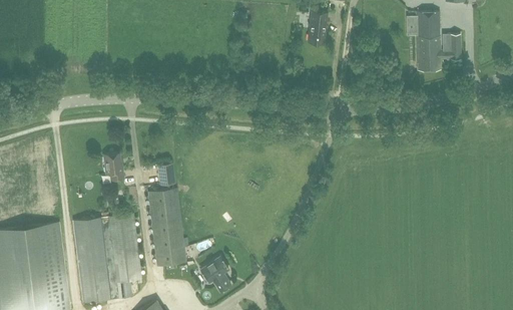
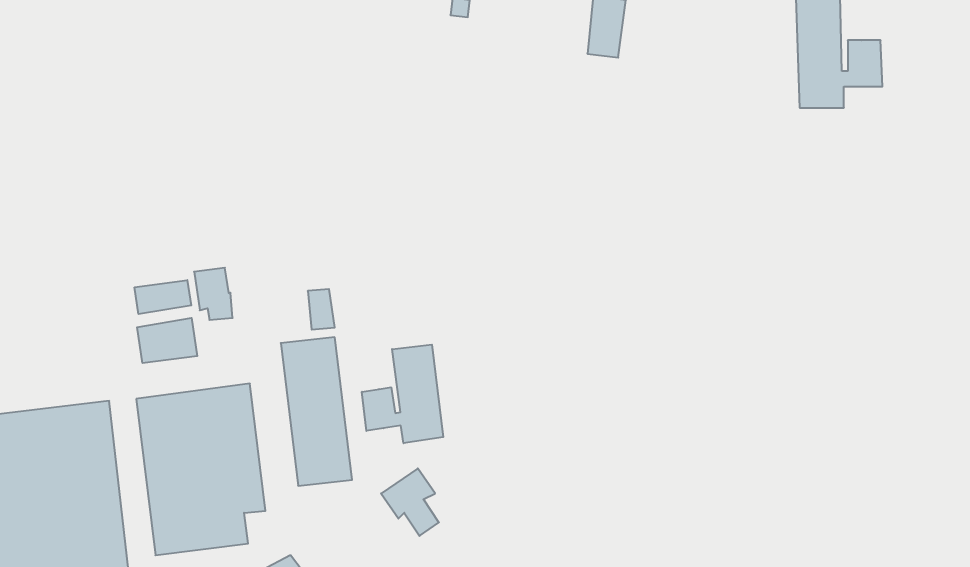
building: none -> [135,280,191,314]
building: none -> [137,318,197,363]
building: none -> [362,345,443,443]

